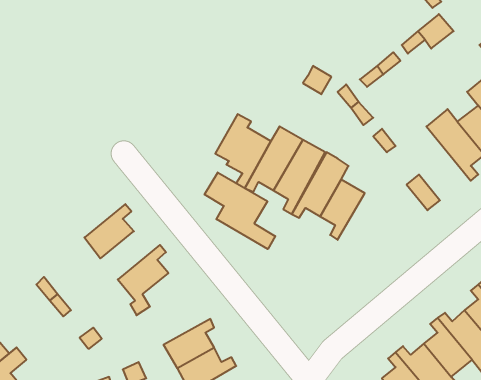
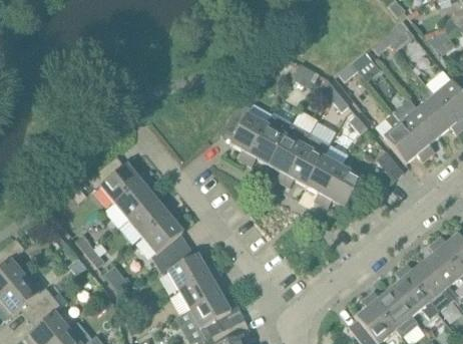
building: none -> [384,112,429,163]
building: [205,172,275,249] -> none
building: none -> [88,163,148,203]
building: none -> [321,166,362,208]
building: none -> [128,198,176,237]
building: none -> [157,254,217,290]

